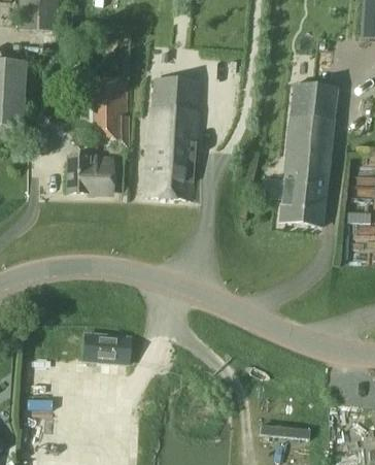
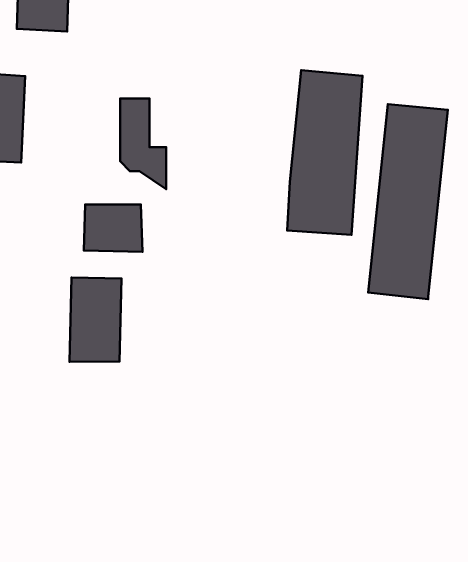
building: [144,77,200,199] -> [287,70,363,235]
building: none -> [70,277,121,362]
building: [83,333,130,363] -> none

